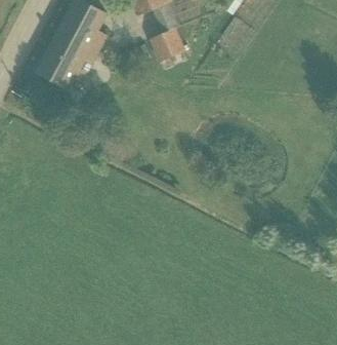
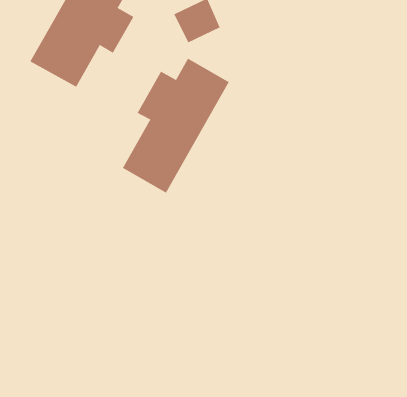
building: none -> [122,58,230,194]

